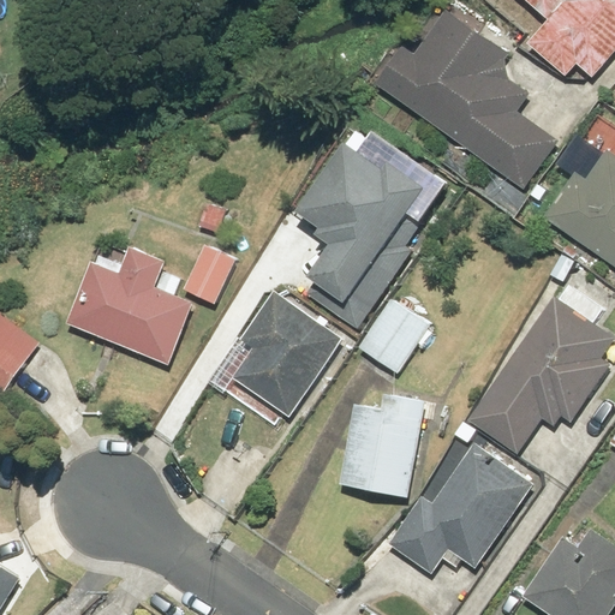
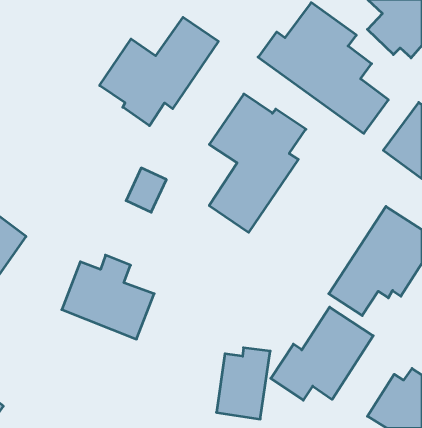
building: none -> [100,17,218,126]
building: [66,244,198,364] -> [62,255,154,339]
building: [234,293,340,419] -> none
building: [357,293,434,375] -> none
building: [345,394,422,496] -> [216,348,270,419]

